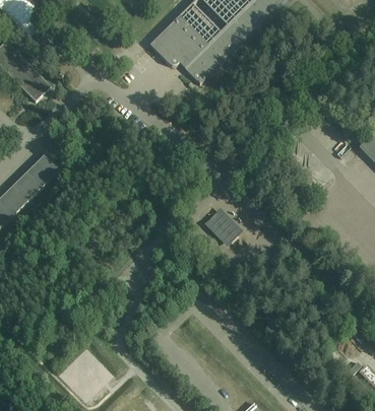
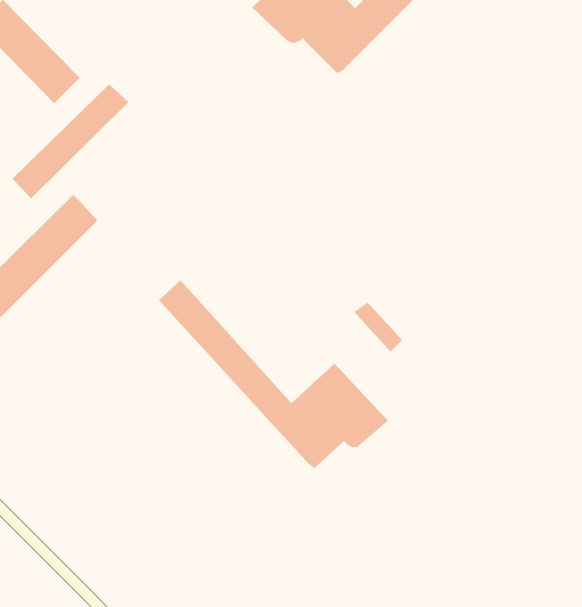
building: none -> [11,83,129,199]
building: none -> [158,280,389,469]

